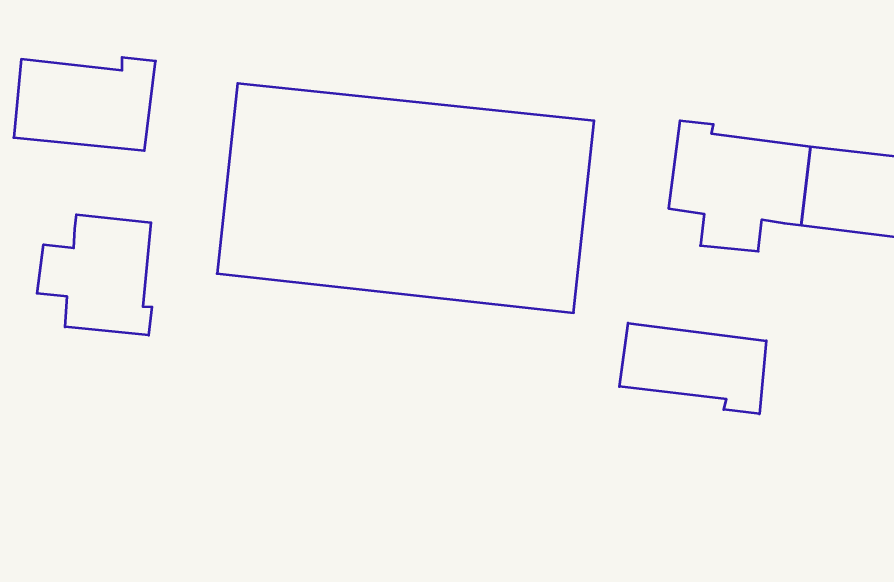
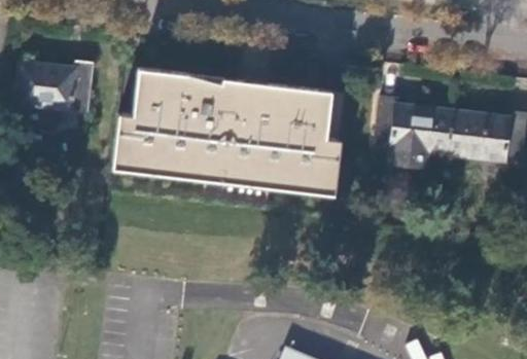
building: [37,215,152,335] -> none
building: [619,323,766,414] -> none

